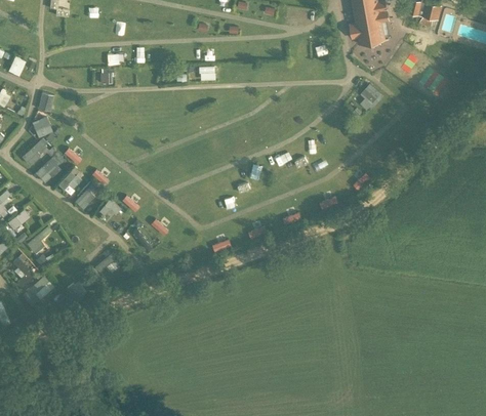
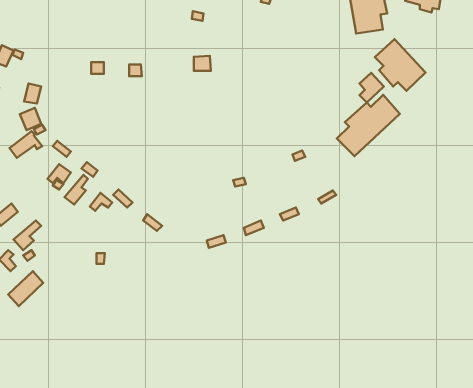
building: none -> [375,39,426,91]
building: none -> [337,95,400,156]
building: [36,151,64,183] -> none

